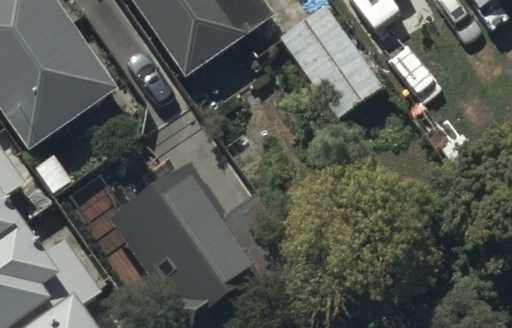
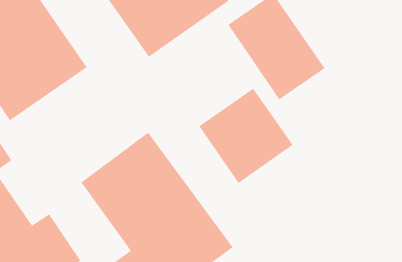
building: none -> [198,88,294,184]

